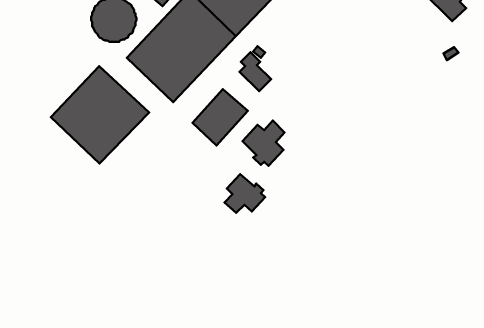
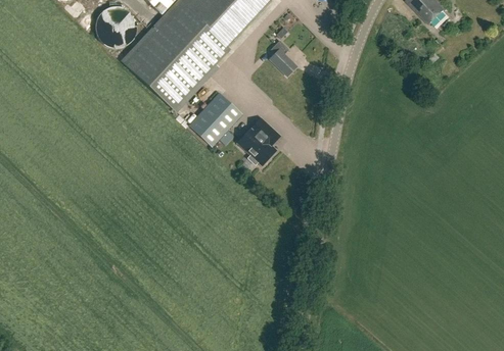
building: [240,52,271,91] -> [267,38,296,74]
building: [51,66,149,163] -> none
building: [224,174,265,213] -> none

